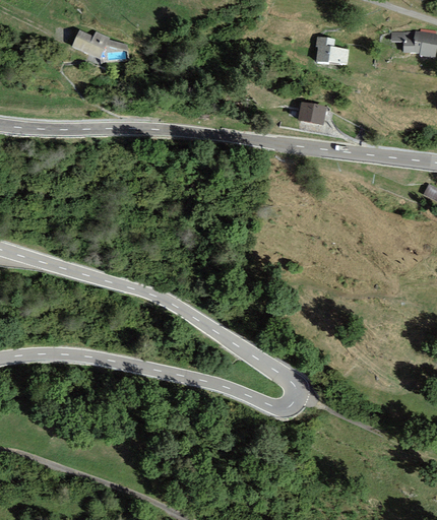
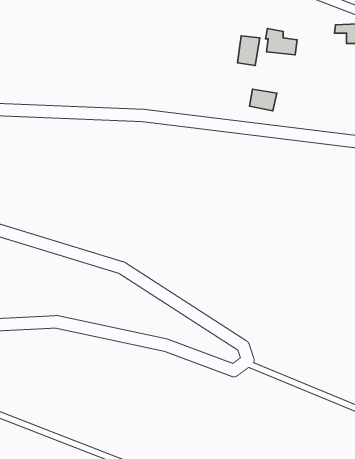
building: [70,29,109,58] -> none
building: none -> [238,36,260,66]

